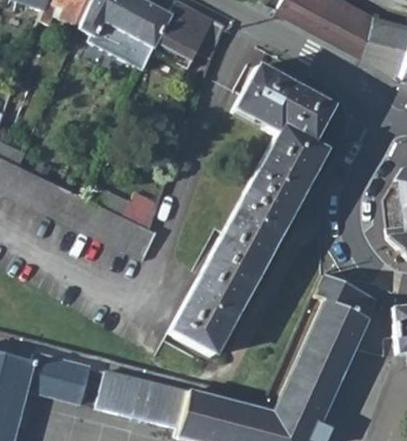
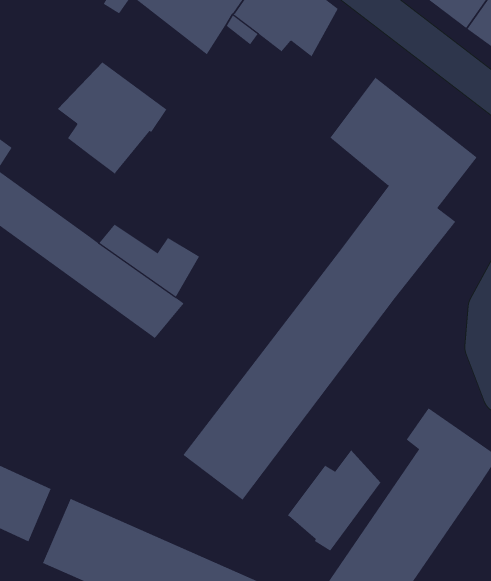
building: none -> [57,61,167,175]
building: none -> [287,450,381,552]

